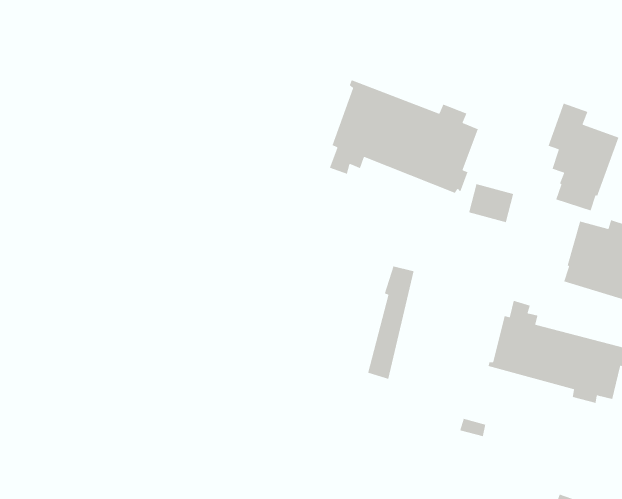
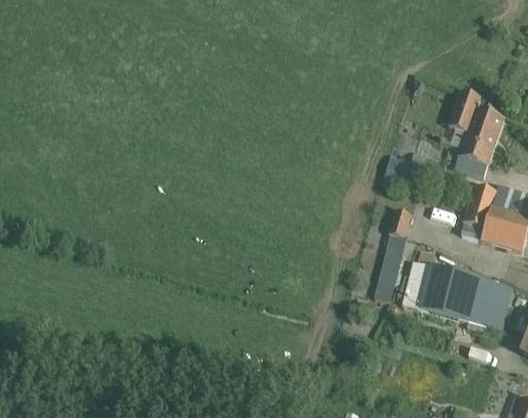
building: [329,79,479,194] -> none
building: [367,266,415,380] -> [374,208,412,300]

